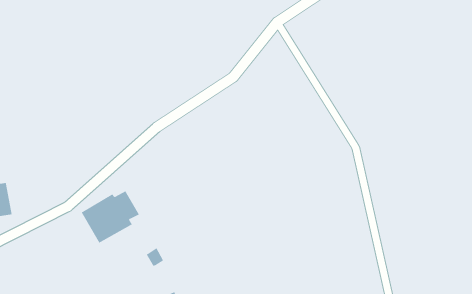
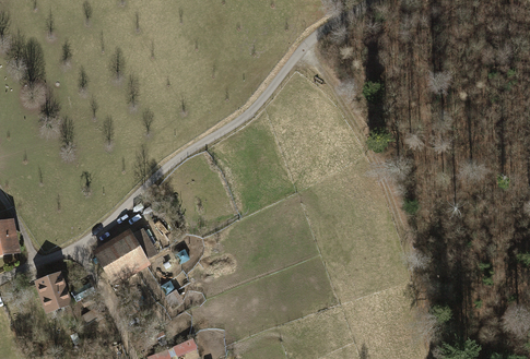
building: none -> [32,270,71,312]

